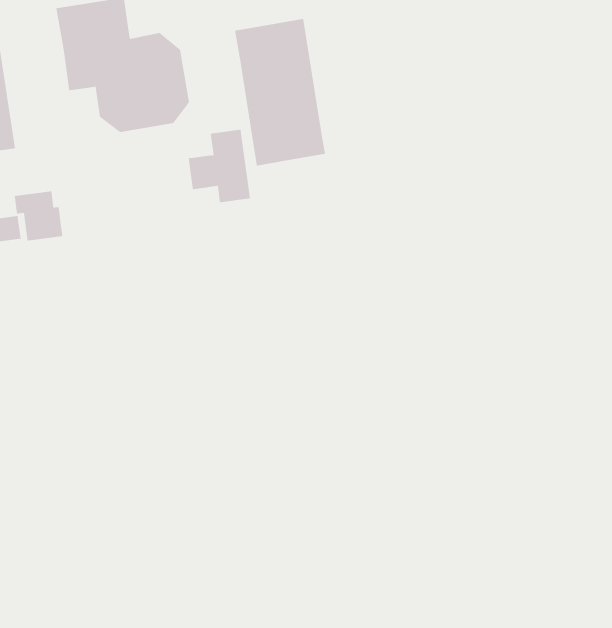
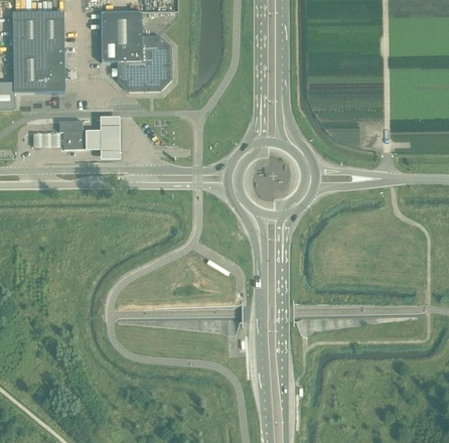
building: [235,18,326,166] -> none
building: [188,129,251,203] -> [86,116,120,158]

